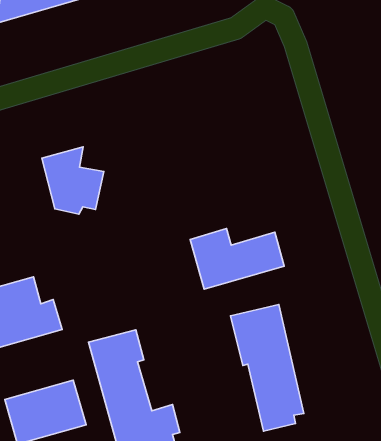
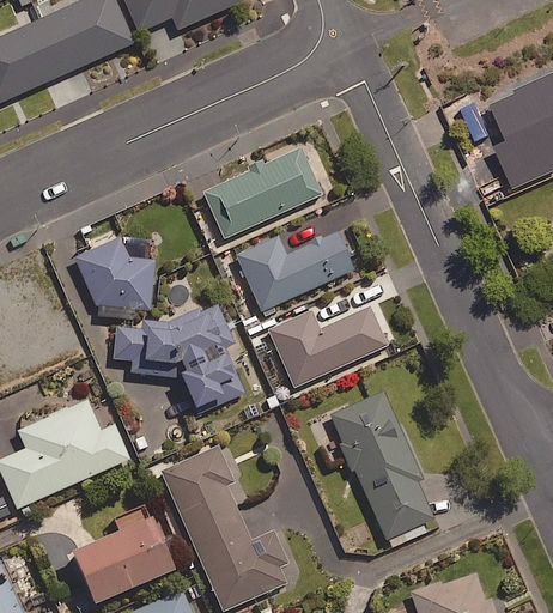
building: none -> [203,148,321,237]
building: none -> [236,230,354,310]
building: none -> [116,302,243,408]

